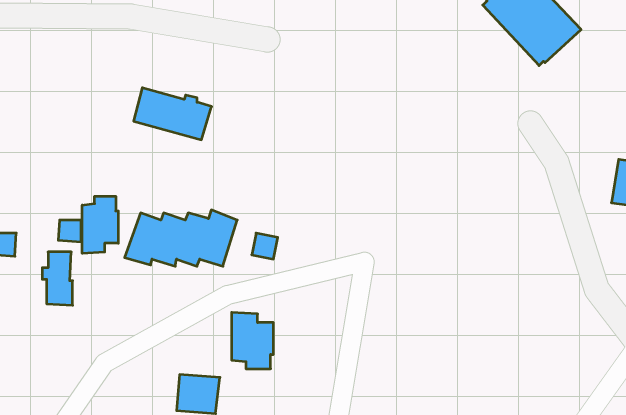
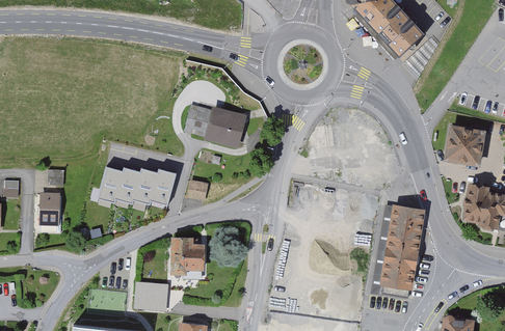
building: [134,88,212,140] -> [185,106,241,143]
building: [82,196,118,253] -> none
building: none -> [379,208,423,298]

